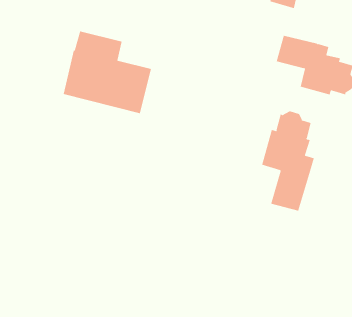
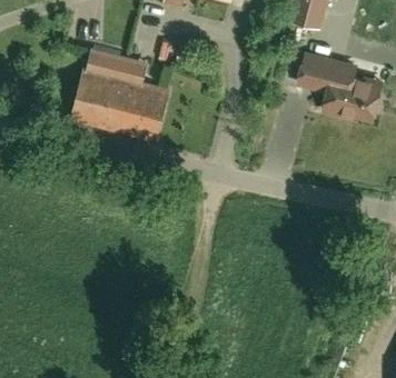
building: [262,110,314,212] -> none

